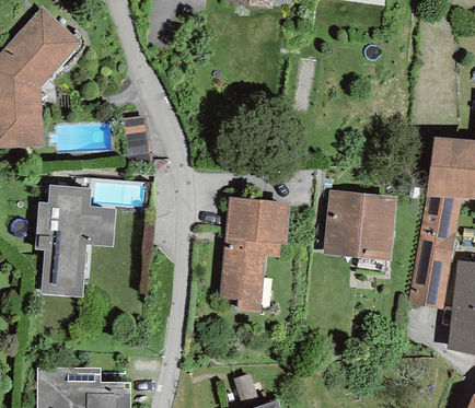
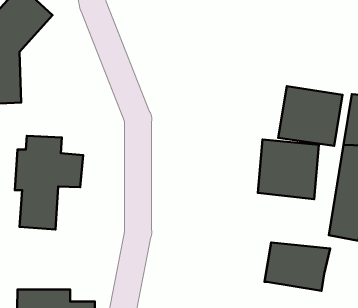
building: none -> [278,86,343,146]
building: [220,198,290,313] -> none
building: none -> [265,243,330,291]

